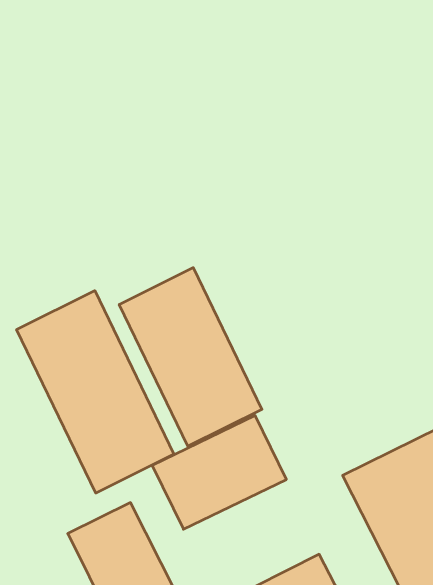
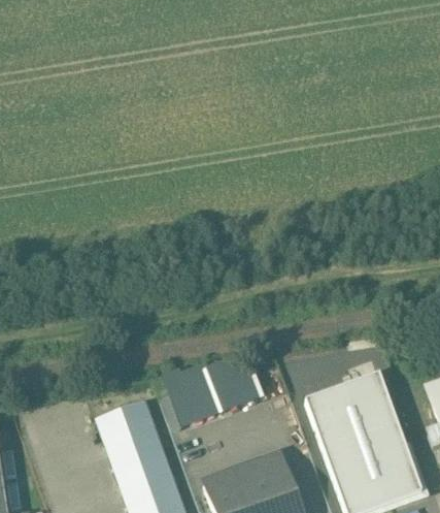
building: [119,268,262,446] -> none
building: [17,291,174,493] -> none

